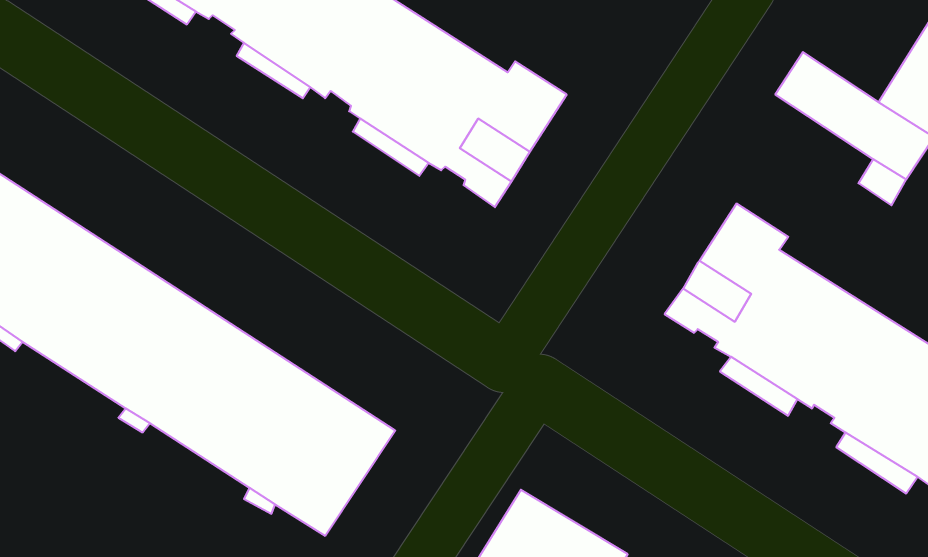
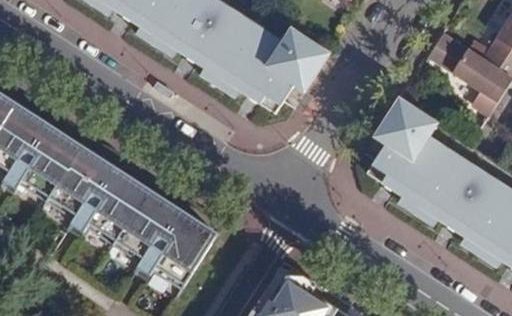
building: none -> [284,26,328,90]
building: none -> [373,96,437,142]

